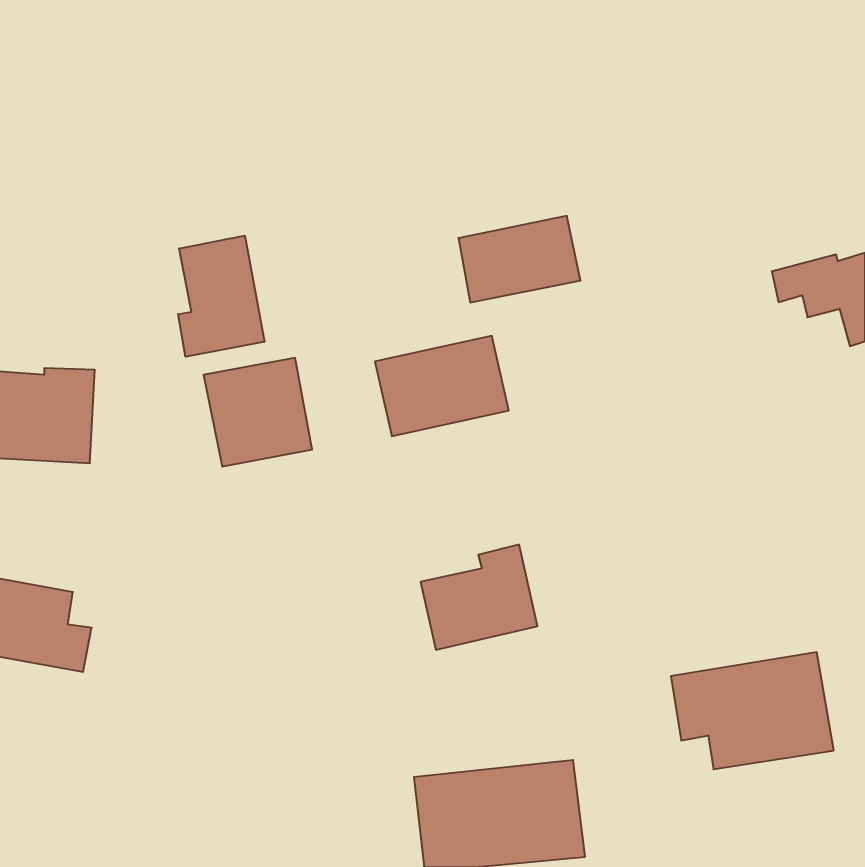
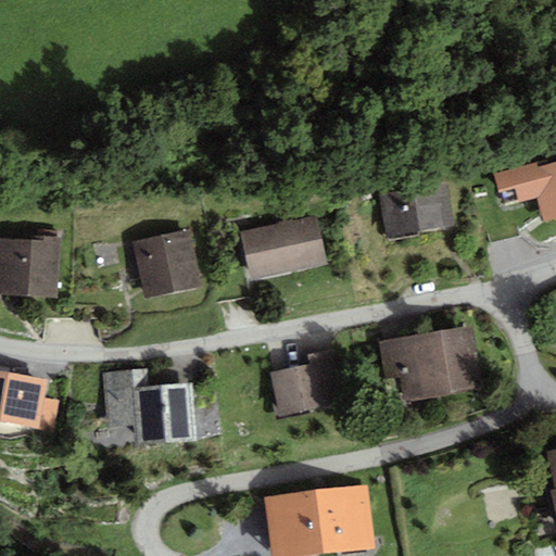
building: [458,216,581,303] -> [379,181,457,237]
building: [178,236,264,357] -> none
building: none -> [103,369,198,448]
building: [671,652,834,769] -> [377,325,481,400]

